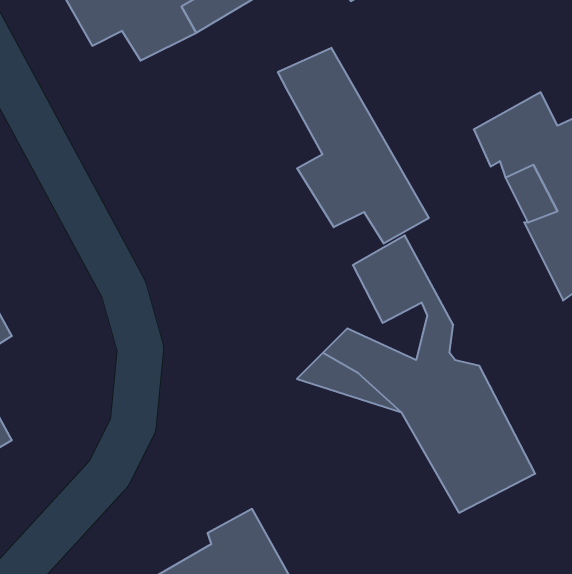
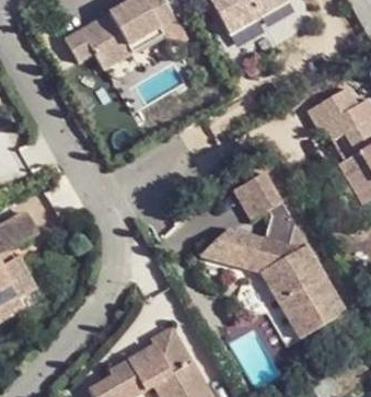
building: [278,48,429,244] -> none

